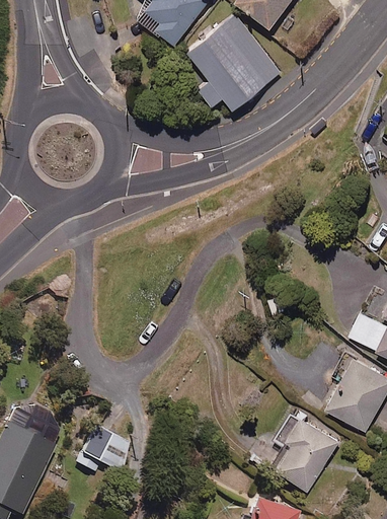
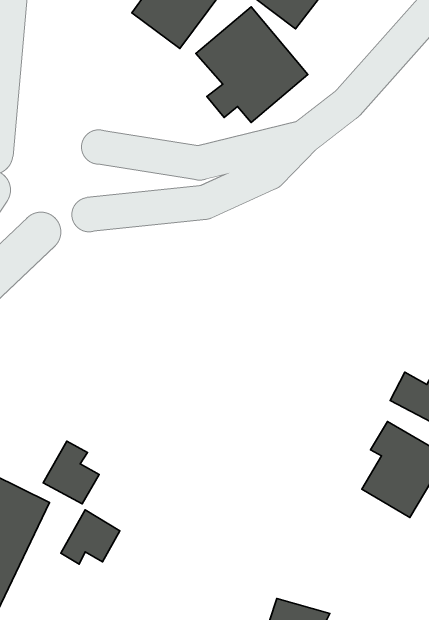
building: none -> [43,441,99,504]
building: [273,418,340,496] -> none

